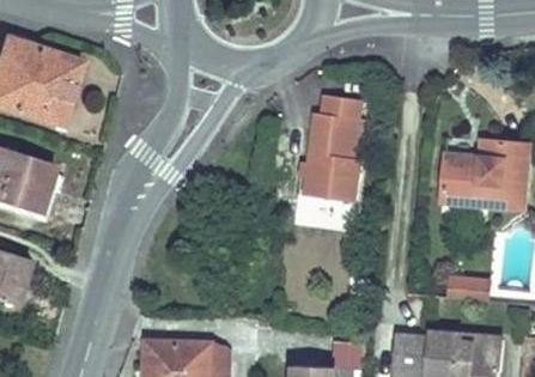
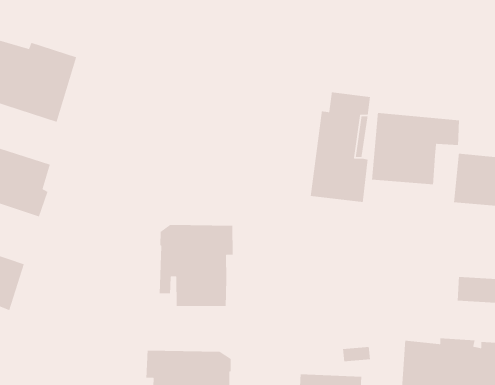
building: none -> [371,112,460,185]
building: none -> [159,224,233,307]

